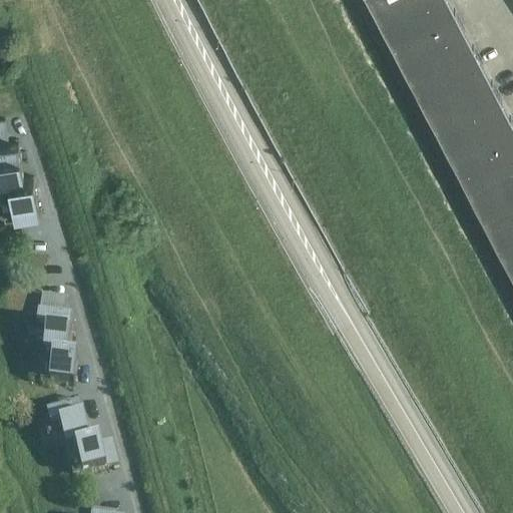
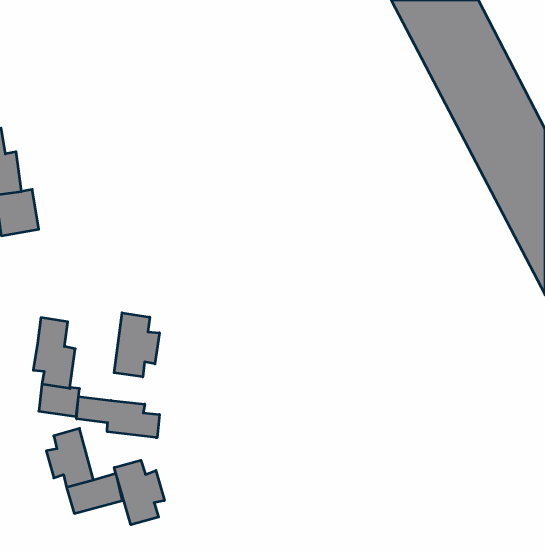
building: none -> [114,313,159,377]
building: none -> [77,396,159,438]
building: none -> [114,460,164,525]

